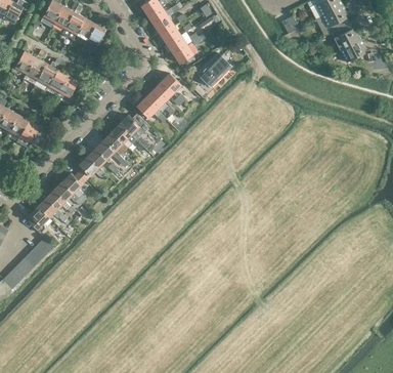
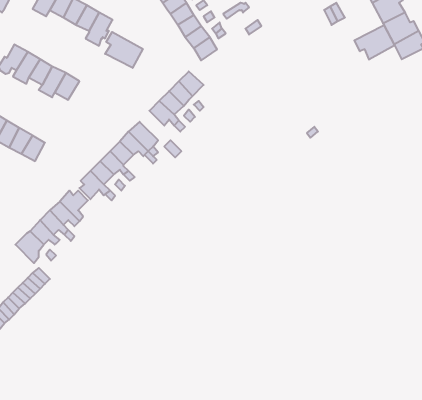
building: none -> [354,25,395,60]
building: none -> [105,32,143,68]
building: [198,53,230,86] -> none

